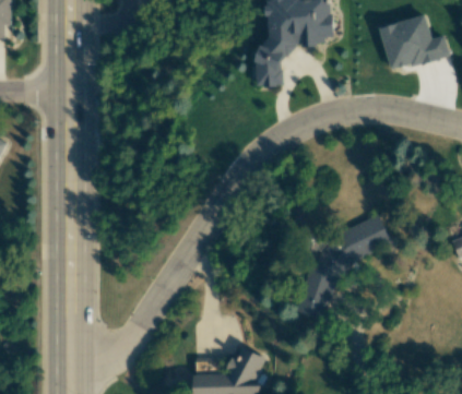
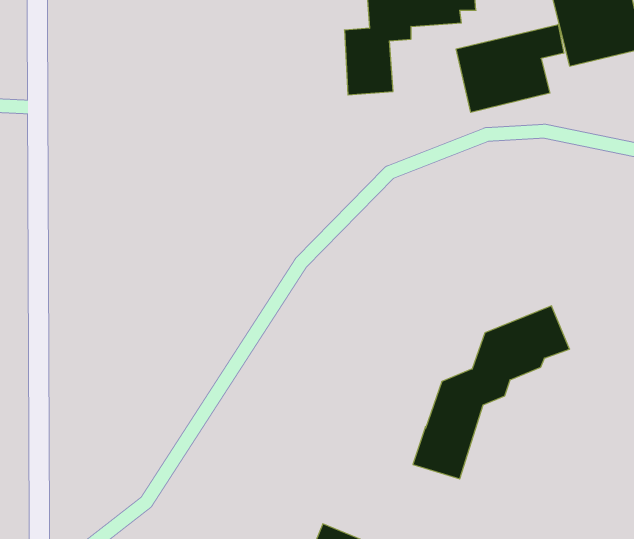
building: none -> [456,24,564,112]

